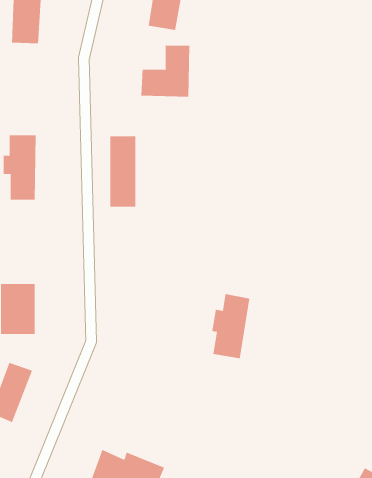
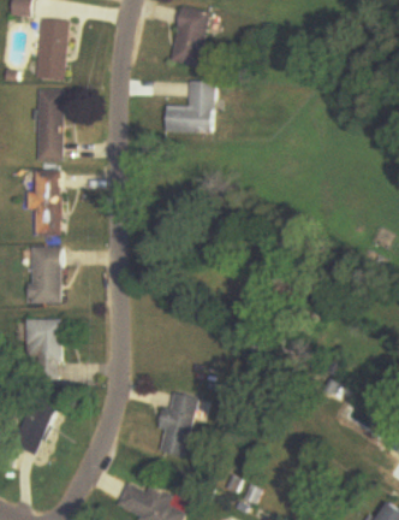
building: [109,136,136,207] -> [36,89,62,160]
building: none -> [29,246,60,302]
building: [211,293,250,359] -> [157,391,196,456]

